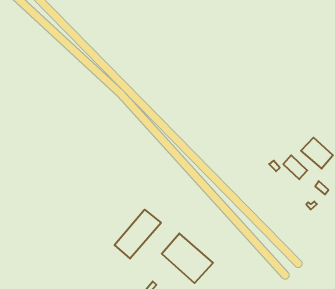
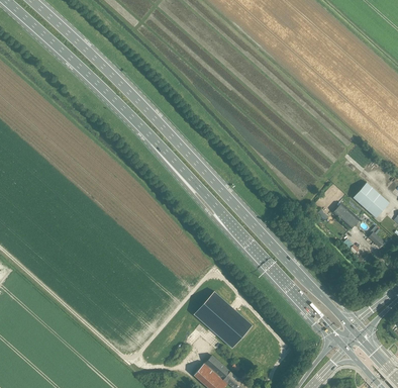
building: [115,210,161,259] -> none

